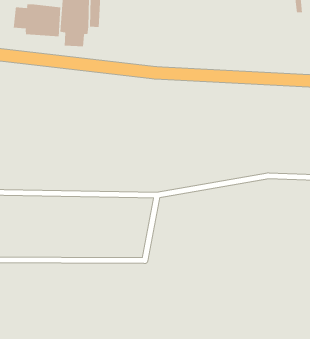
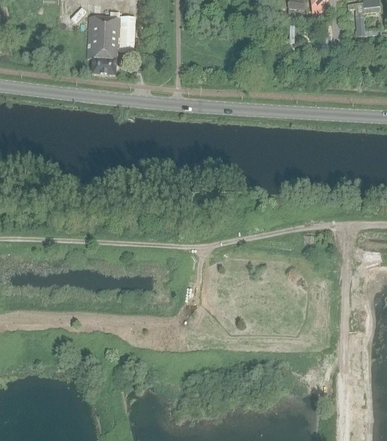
building: [13,4,61,37] -> none

